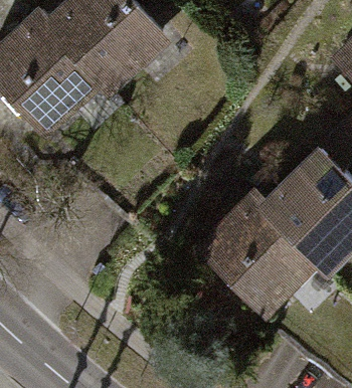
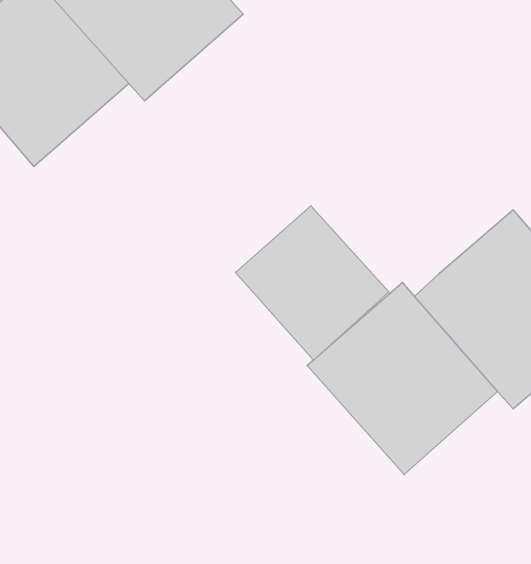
building: none -> [236,206,389,360]

